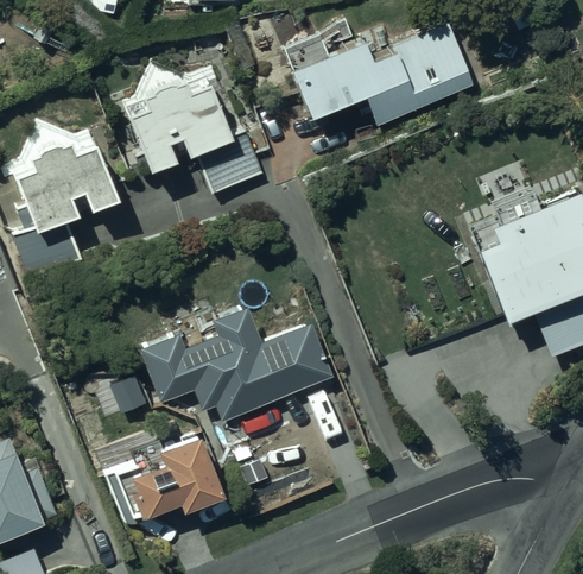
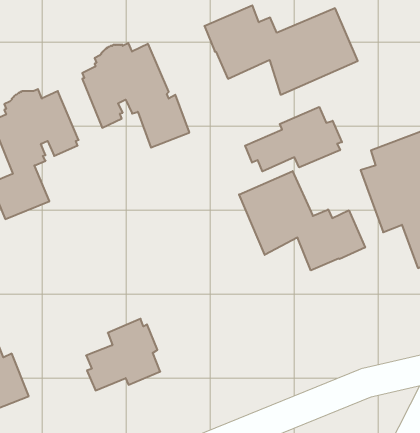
building: none -> [245,107,342,171]
building: none -> [239,171,365,270]
building: [138,299,332,424] -> none

